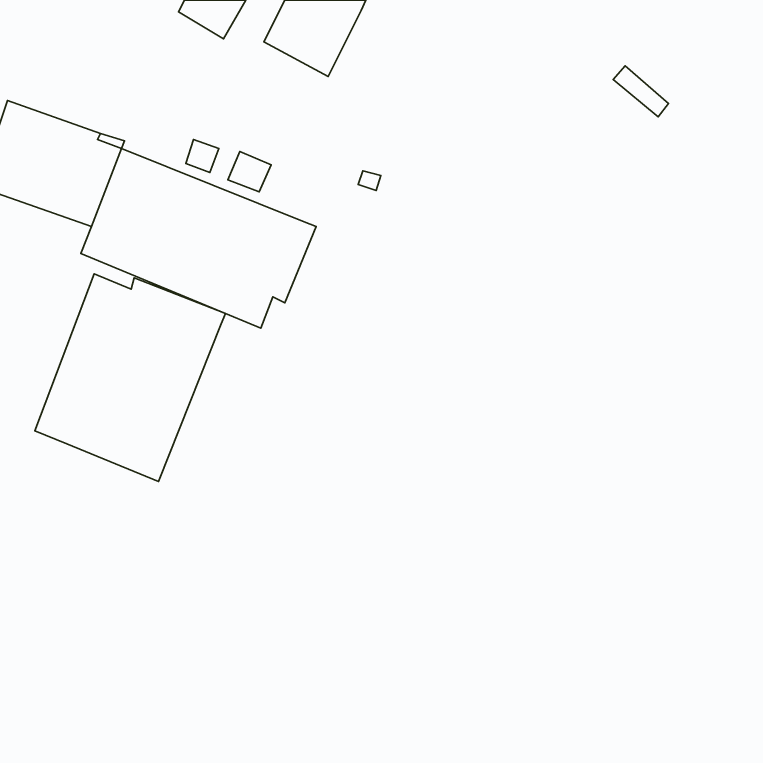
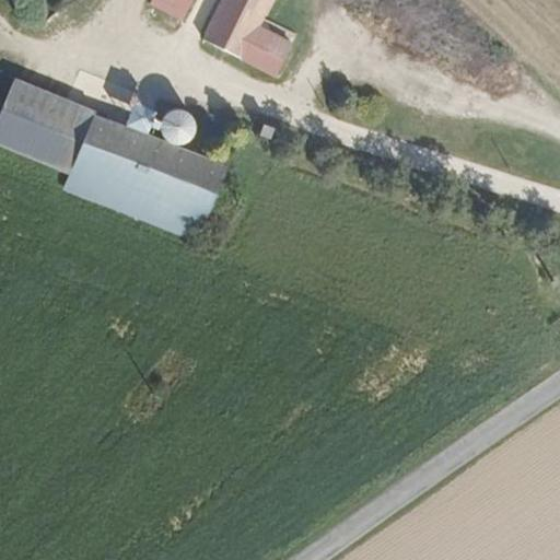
building: none -> [240,14,296,77]
building: [35,274,226,482] -> none

